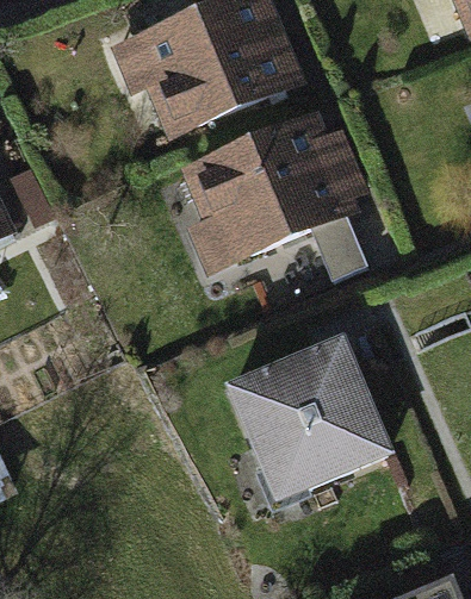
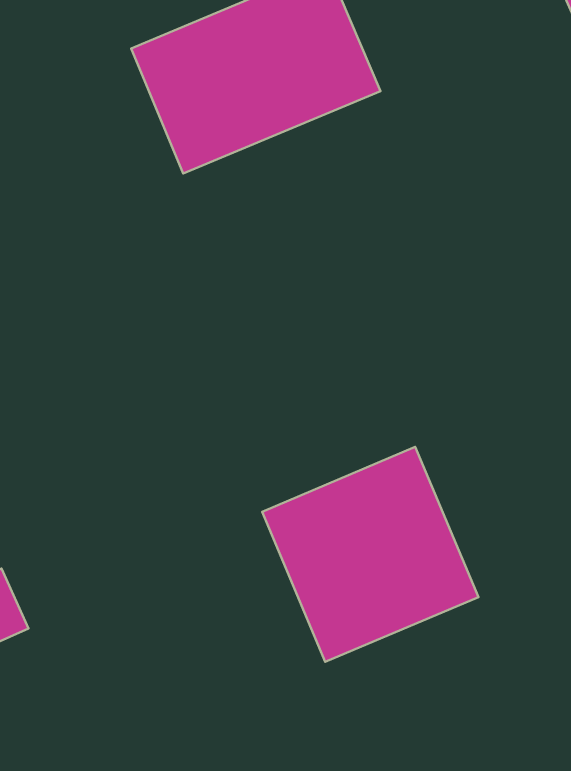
building: [181,107,365,267] -> none

